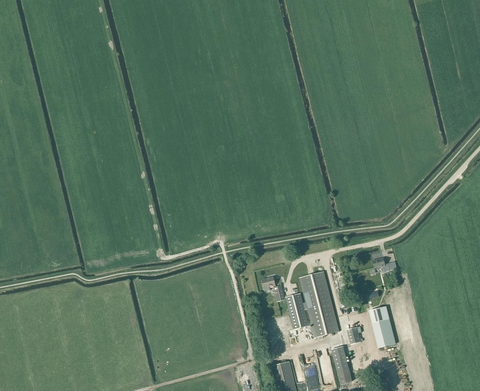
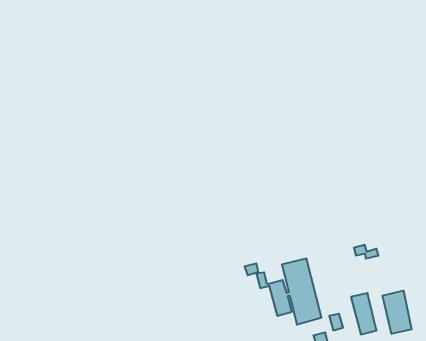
building: none -> [382,291,412,334]

